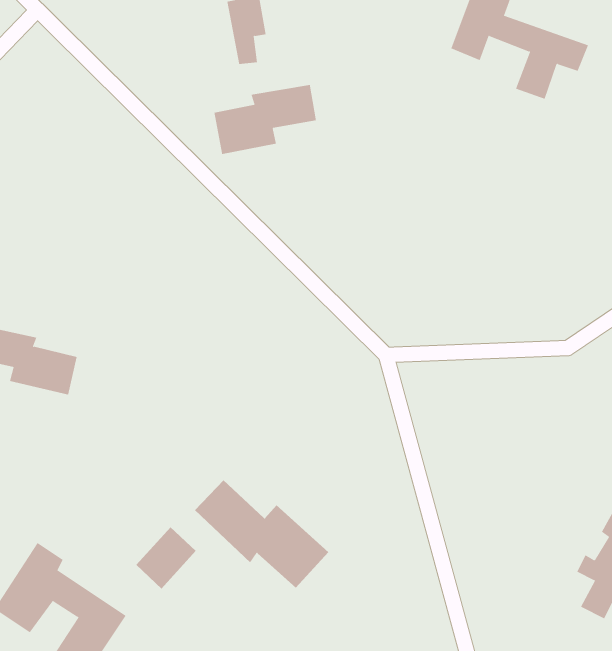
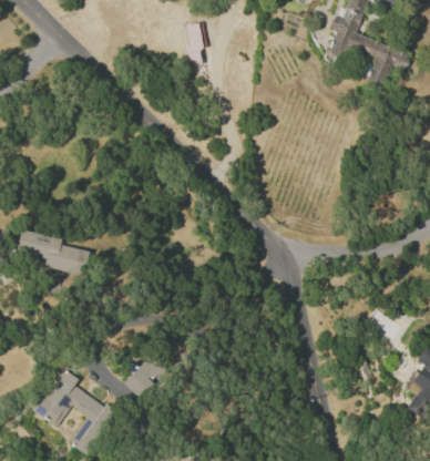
building: [214,84,317,155] -> none
building: [194,479,329,588] -> none

